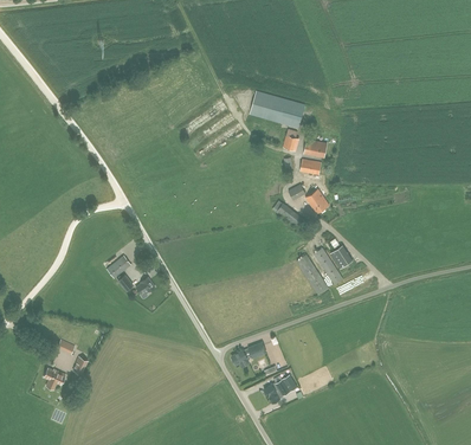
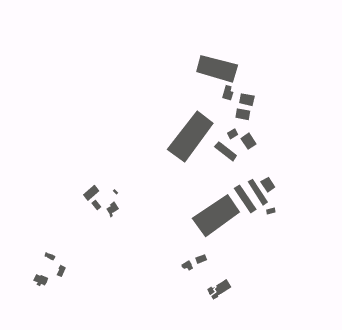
building: none -> [166,109,215,164]
building: none -> [191,193,241,239]

